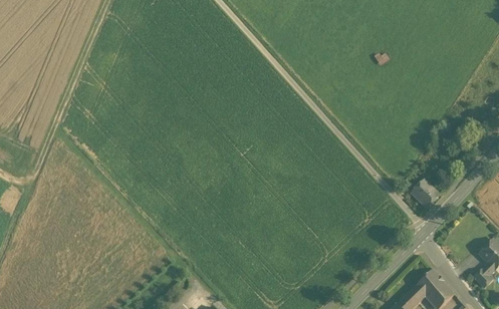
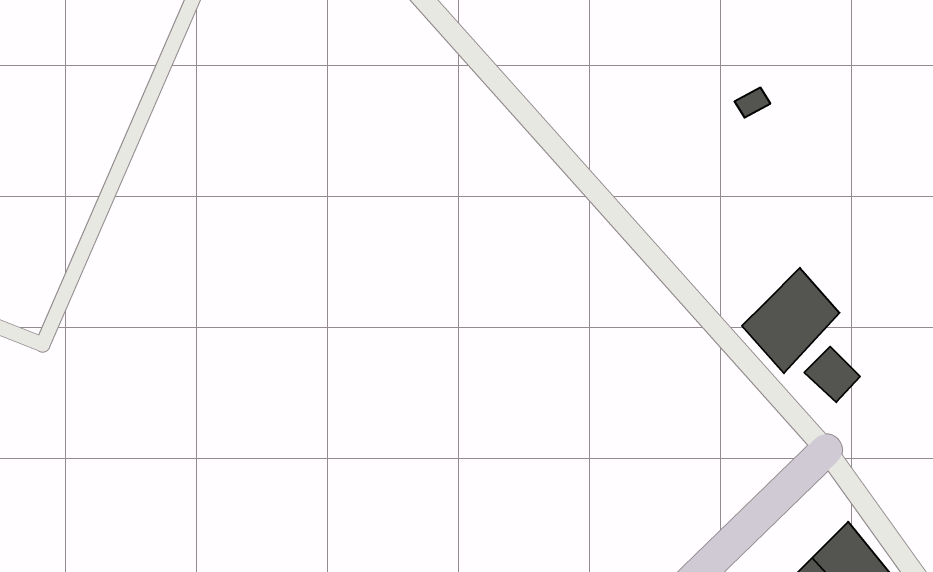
building: none -> [742,268,840,373]

